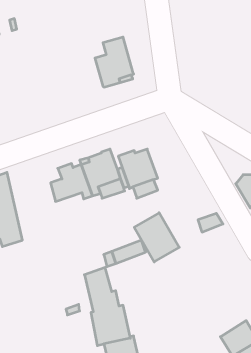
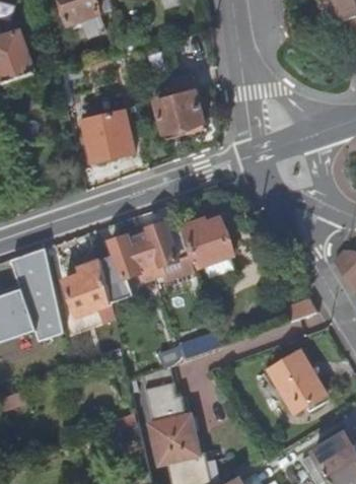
building: none -> [81,112,133,162]
building: none -> [63,259,109,315]
building: [134,213,179,262] -> [267,350,324,412]

